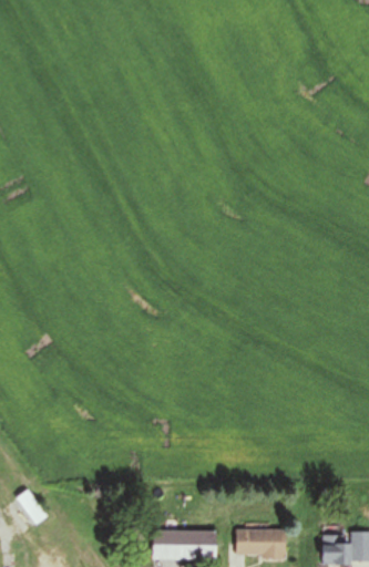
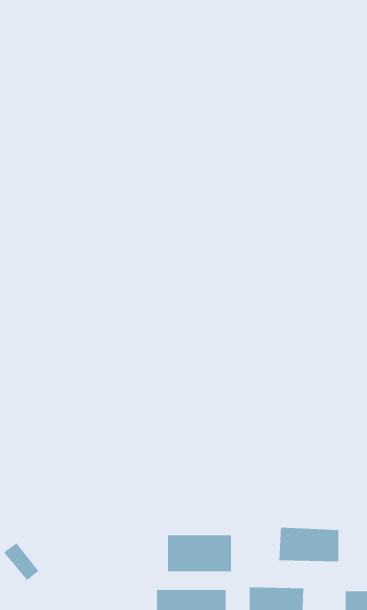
building: none -> [279,527,339,562]
building: none -> [168,535,232,572]

